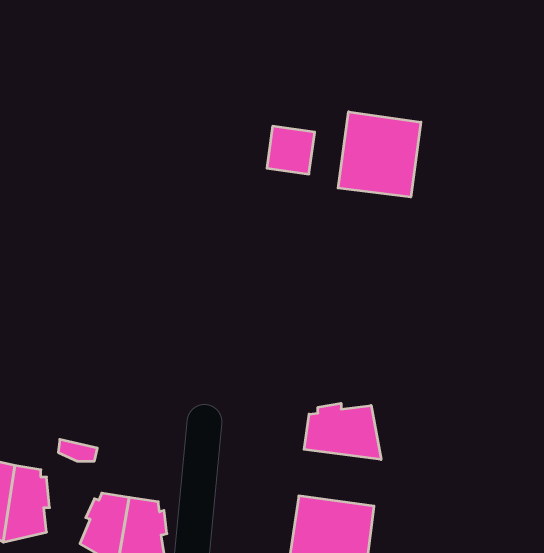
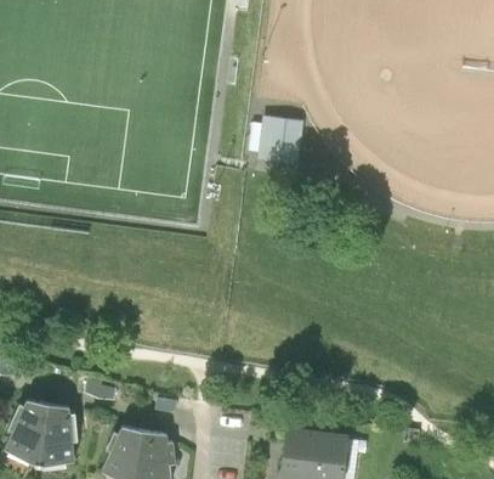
building: [338,112,421,197] -> none
building: [304,403,381,460] -> none

